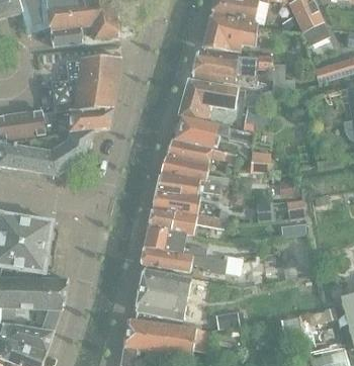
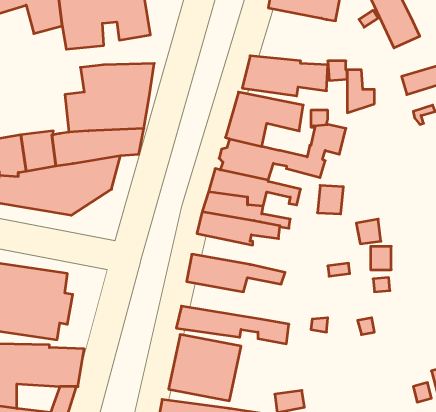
building: [203,13,257,52] -> none
building: [152,189,199,213] -> none
building: [144,226,206,256] -> none

